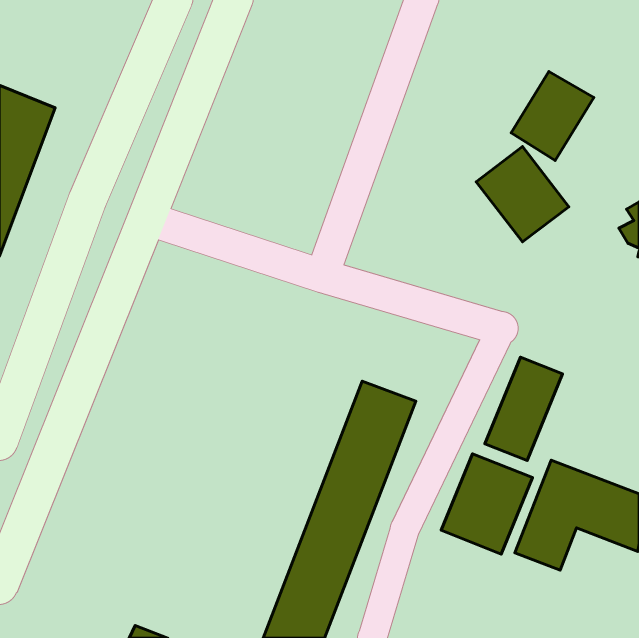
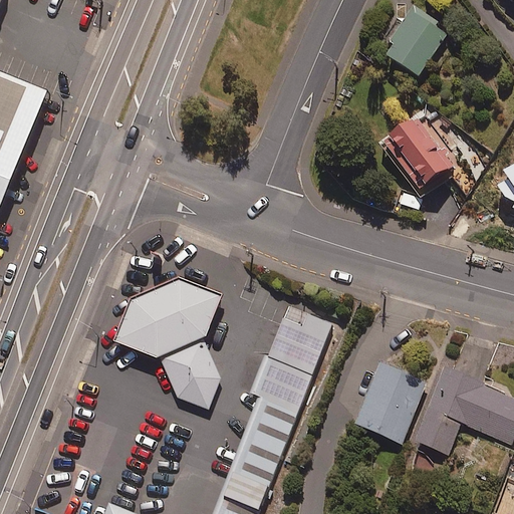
building: [511,71,594,160] -> [381,6,448,77]
building: none -> [112,278,226,404]
building: [485,357,563,460] -> none

